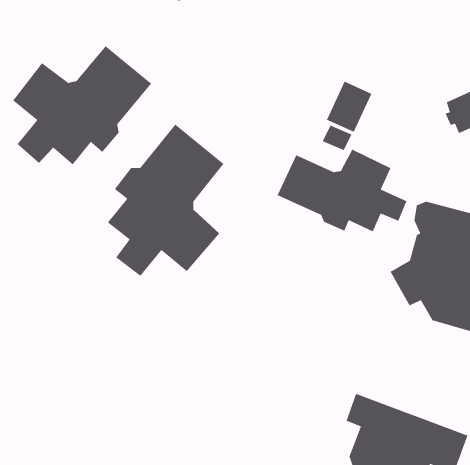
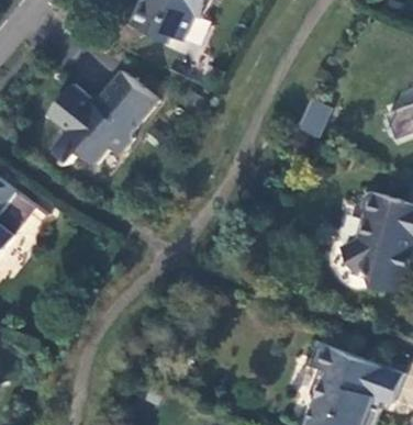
building: [107,123,225,277] -> none
building: [277,148,407,233] -> none

